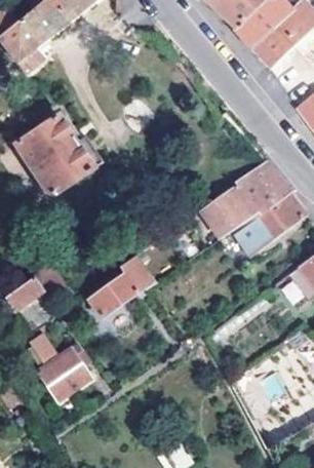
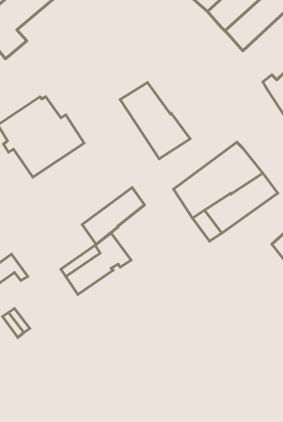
building: none -> [120,82,190,159]
building: none -> [82,187,145,244]
building: [35,342,92,400] -> none

